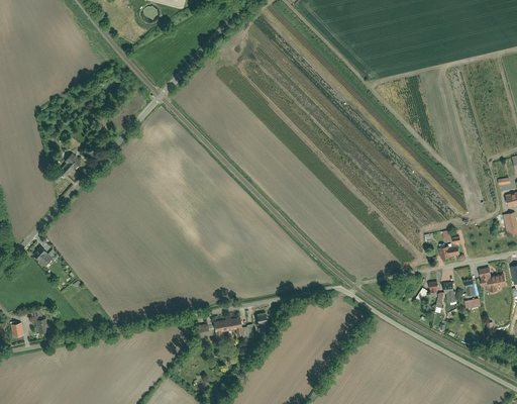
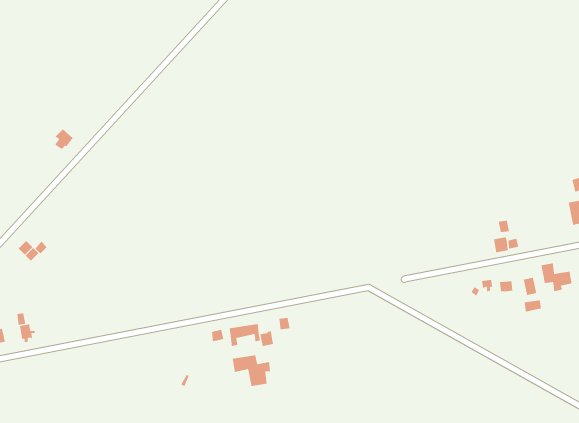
building: none -> [232,354,271,387]

